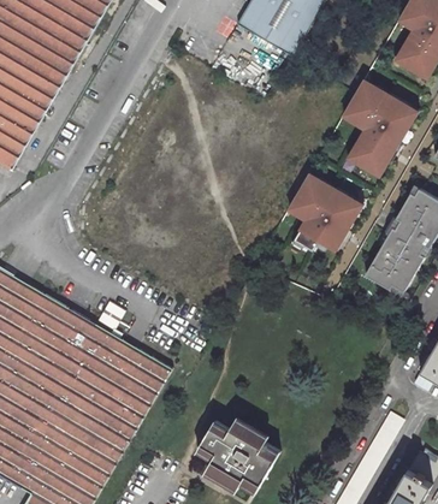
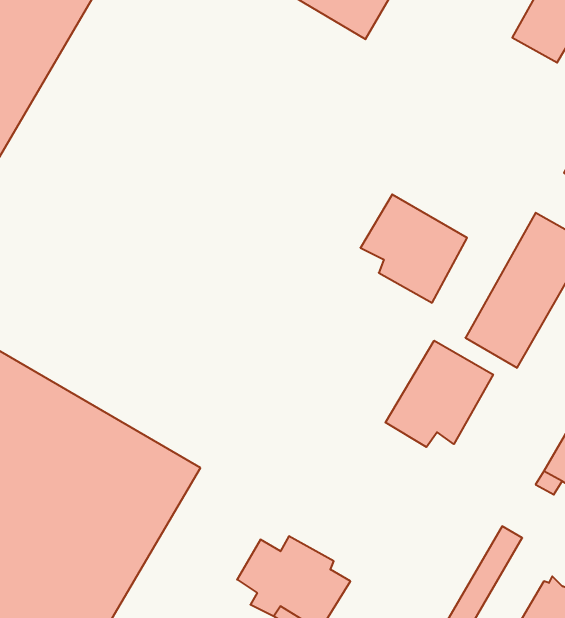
building: [344,81,418,177] -> none
building: none -> [385,341,493,447]

